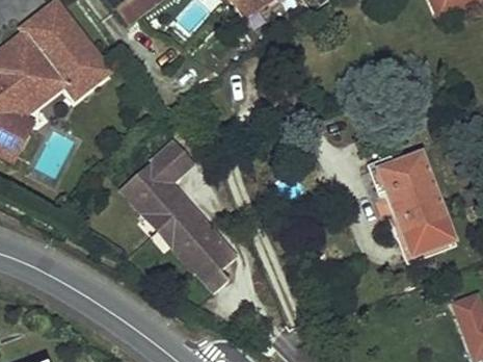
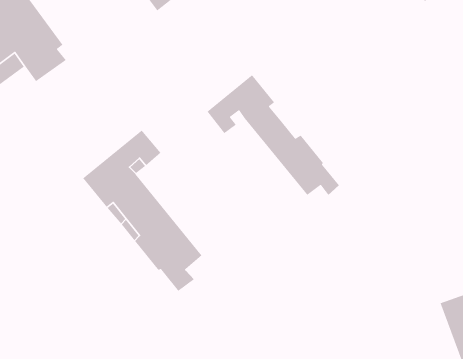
building: none -> [206,74,340,196]
building: [378,150,456,253] -> none

